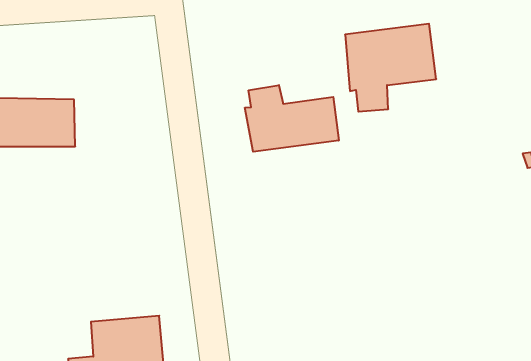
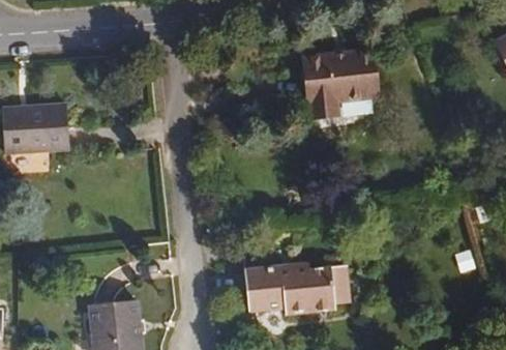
building: [245,85,339,152] -> none
building: none -> [244,263,351,316]

